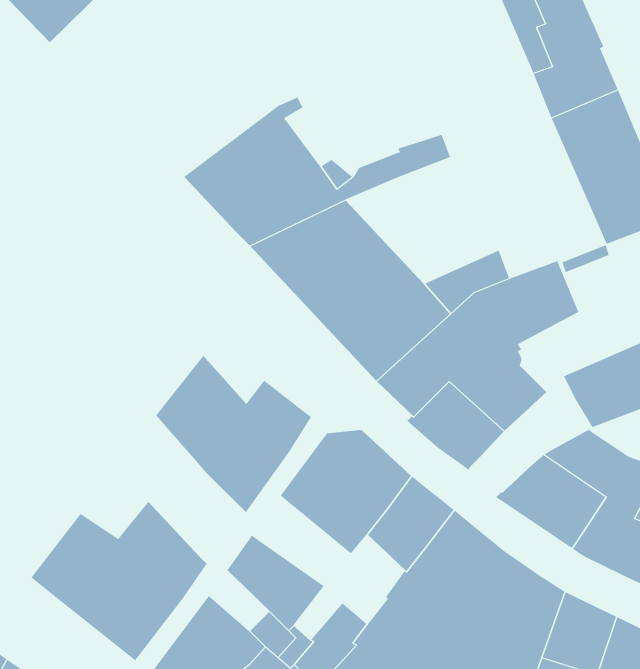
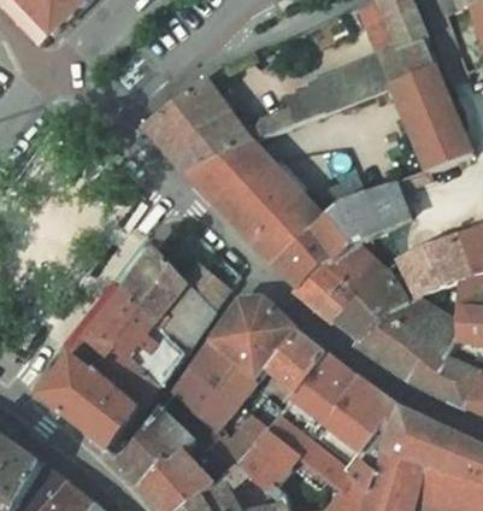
building: none -> [313,55,389,112]
building: none -> [335,271,417,339]
building: none -> [71,287,183,388]
building: none -> [187,341,254,403]

